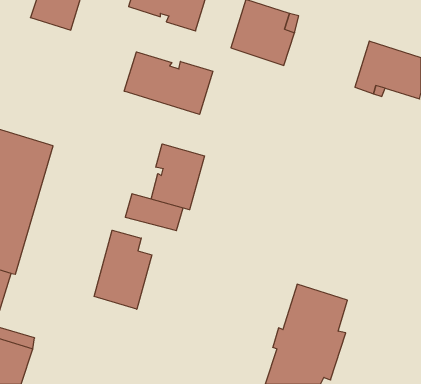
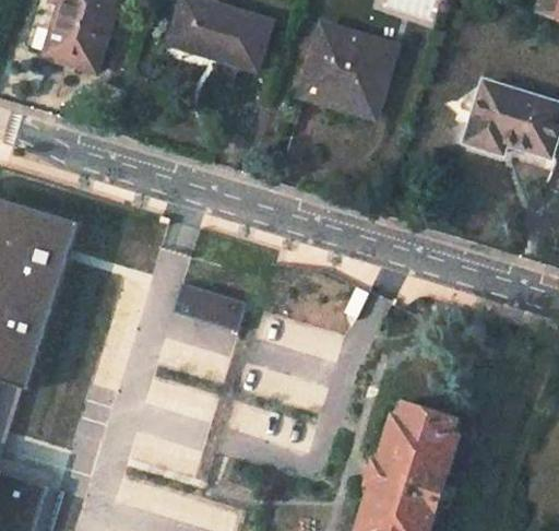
building: [124,52,213,114] -> none
building: [151,144,205,210] -> none
building: [94,230,152,309] -> none

